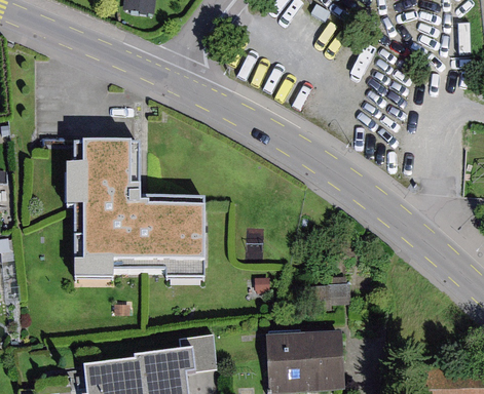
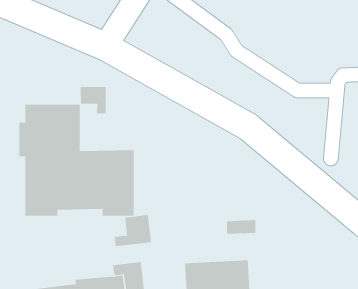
building: none -> [80,86,106,114]
building: none -> [115,214,152,247]

